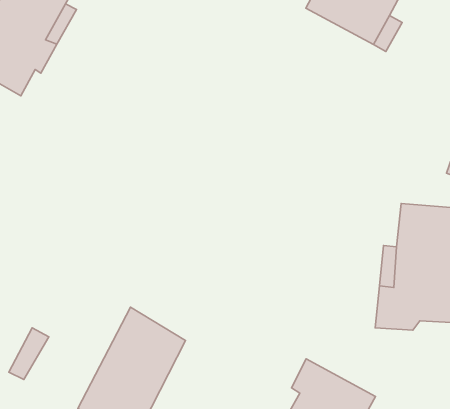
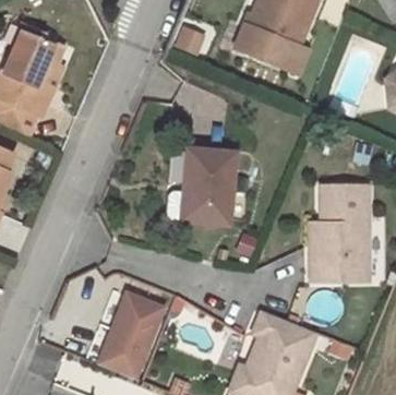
building: none -> [168,148,233,224]

